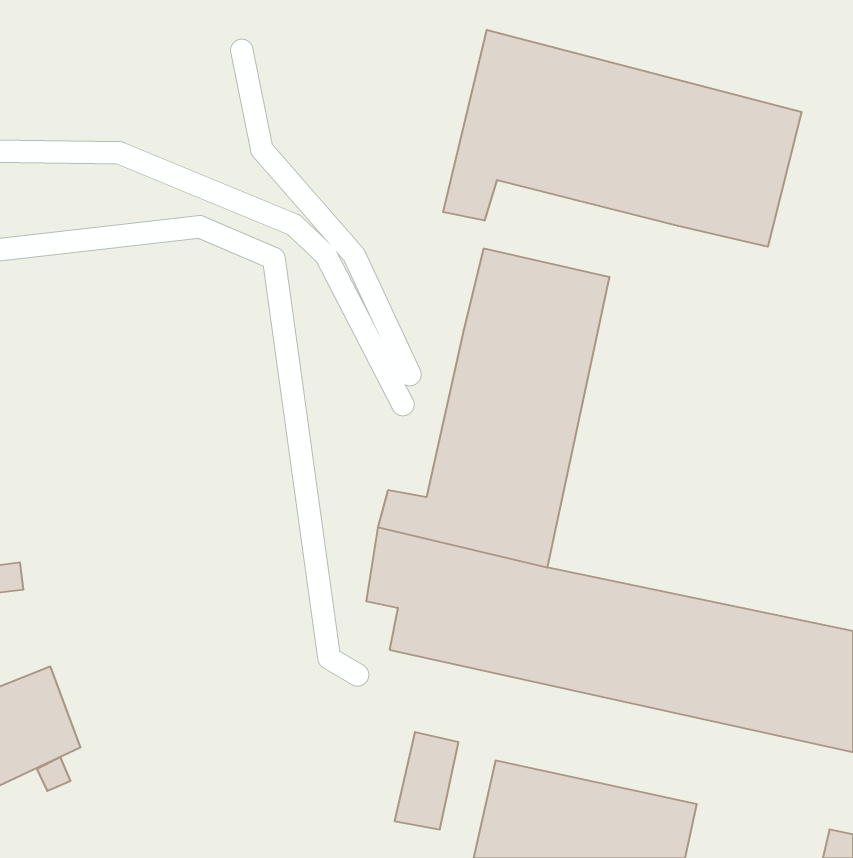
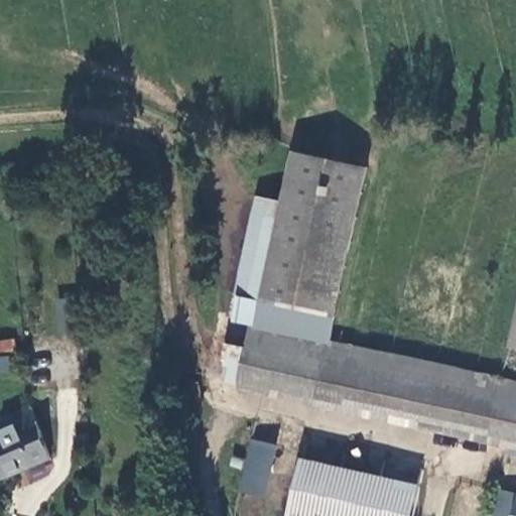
building: [443,30,801,247] -> none
building: none -> [233,195,278,298]

